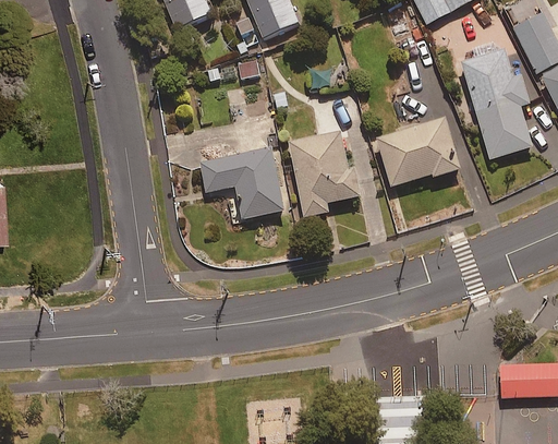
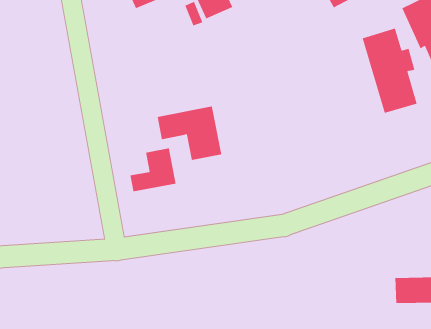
building: [376,117,460,187] -> none
building: [289,132,360,217] -> none
building: none -> [130,147,176,192]

